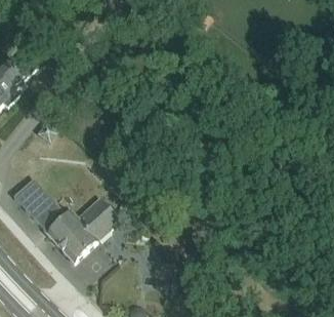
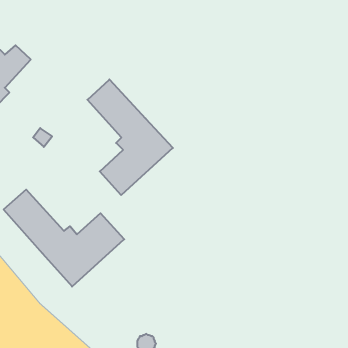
building: none -> [87,79,173,195]

